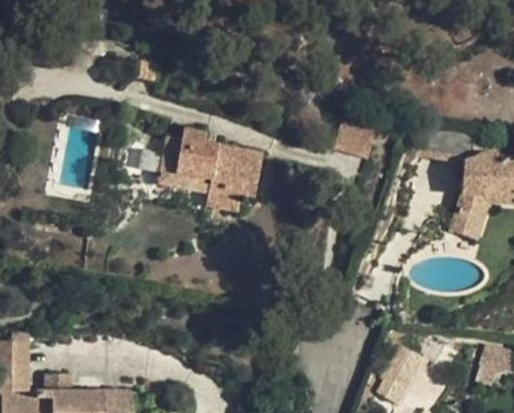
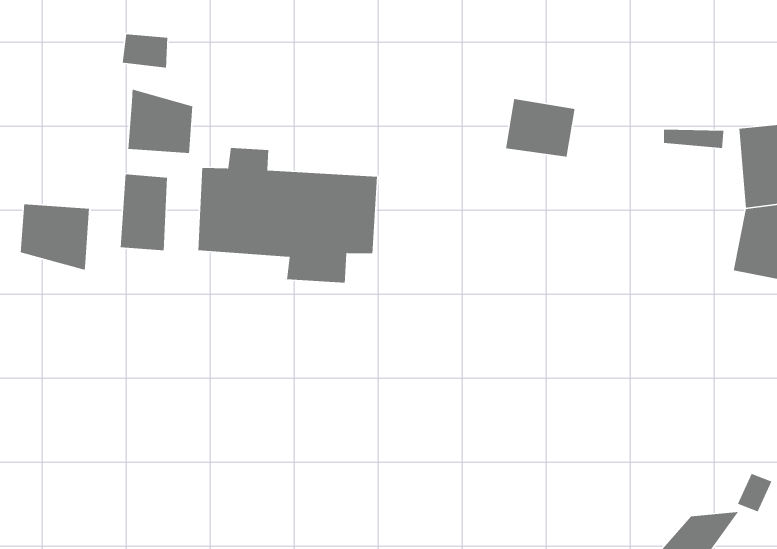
building: none -> [128,88,193,154]
building: none -> [20,203,90,271]

